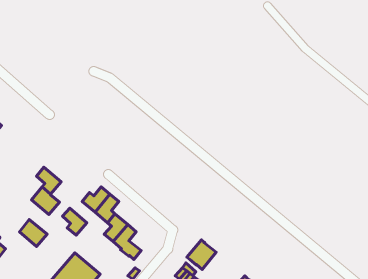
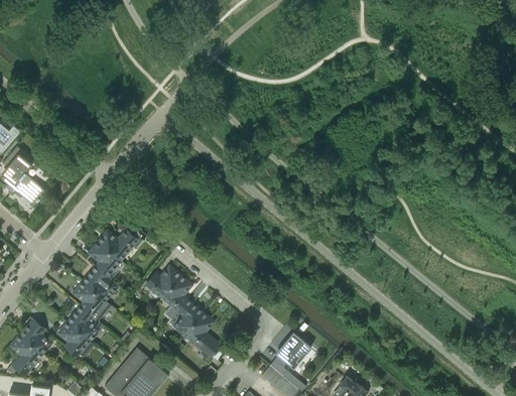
building: none -> [98,225,143,260]
building: [62,208,87,235] -> [74,282,104,315]
building: none -> [58,321,89,356]

